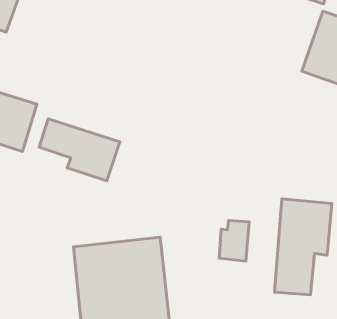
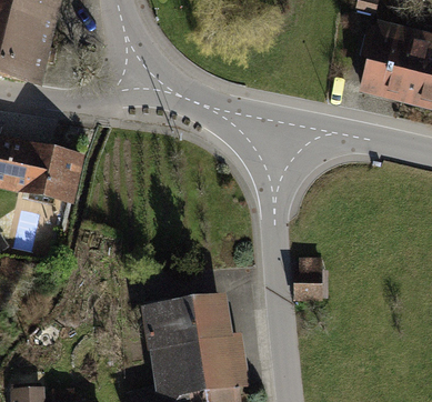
building: [39,119,120,181] -> none
building: [274,199,332,295] -> none

